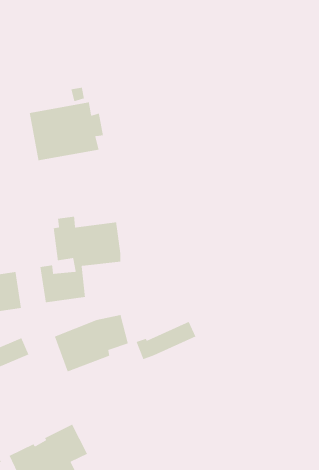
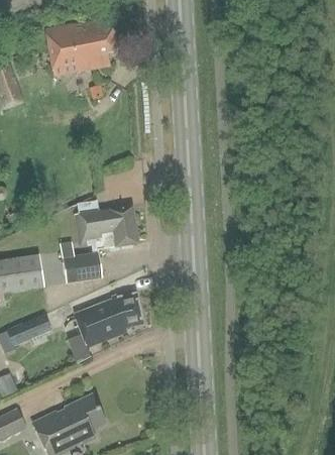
building: [29,101,104,161] -> [46,19,115,74]
building: [136,321,196,360] -> none

